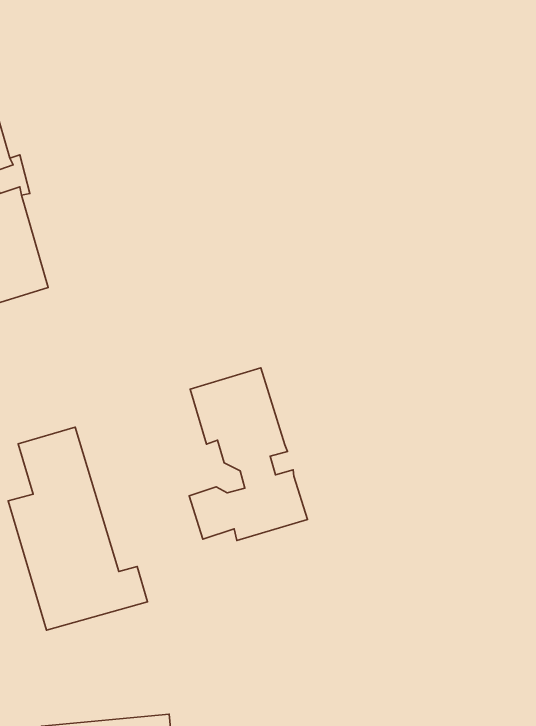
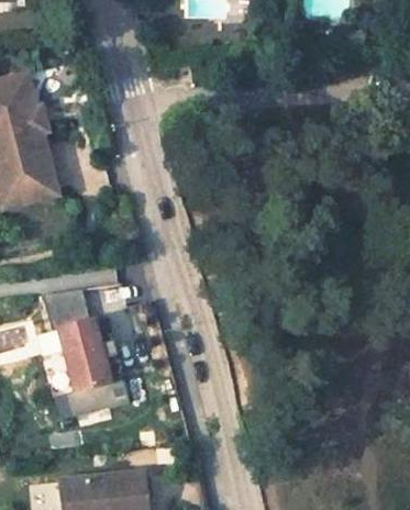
building: [189,368,307,541] -> none

